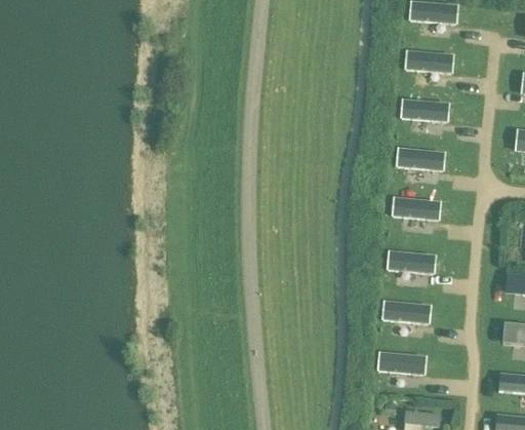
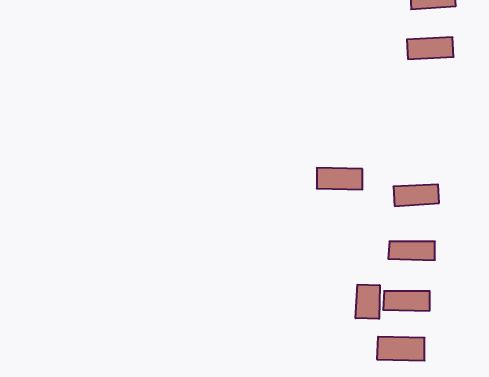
building: [400,96,447,121] -> none
building: [398,147,443,168] -> [317,168,362,190]
building: none -> [356,285,380,319]

